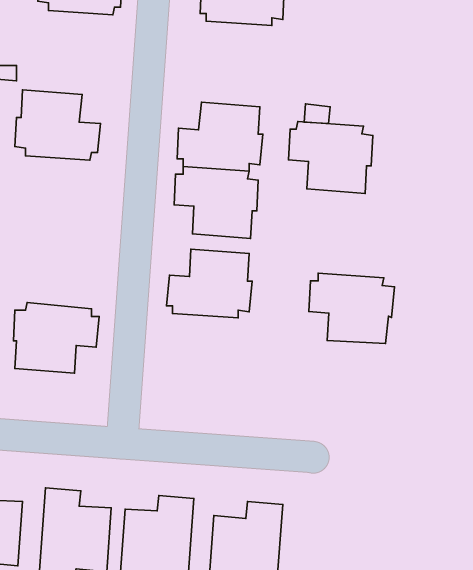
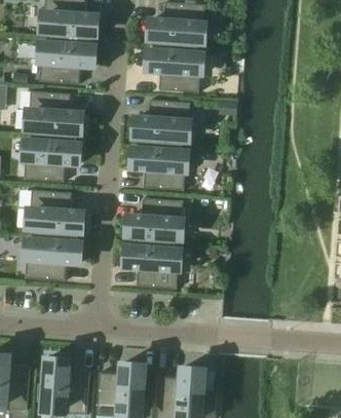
building: none -> [38,37,94,83]
building: [289,122,373,194] -> [147,44,203,92]
building: none -> [23,135,79,181]
building: none -> [26,189,83,237]
building: [309,273,395,344] -> [124,240,182,288]

